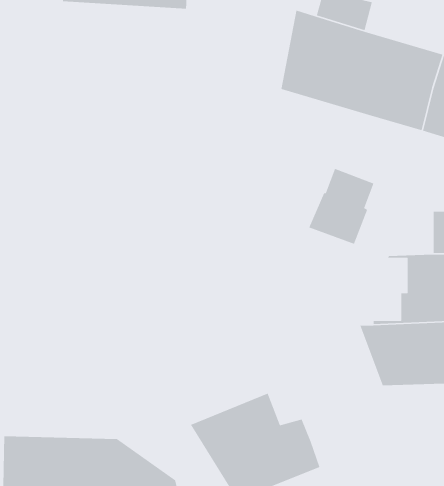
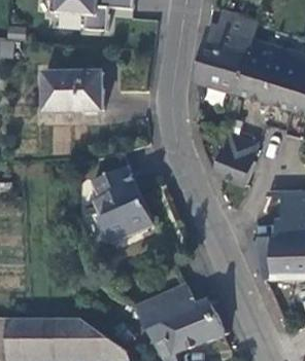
building: none -> [43,72,102,111]
building: none -> [94,167,155,239]

